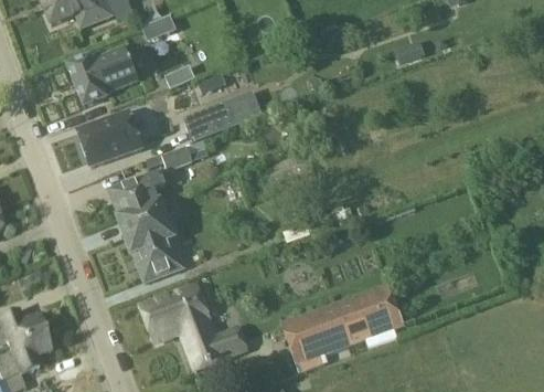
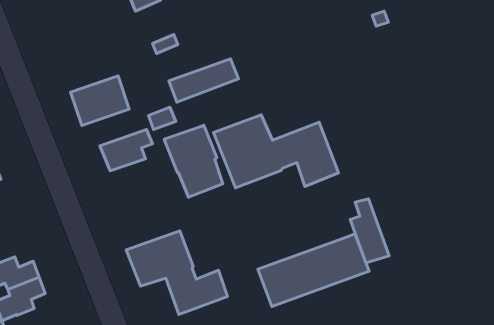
building: [68,44,139,104] -> none
building: none -> [213,115,338,188]
building: [119,200,183,278] -> [164,125,223,197]
building: none -> [350,199,389,263]

